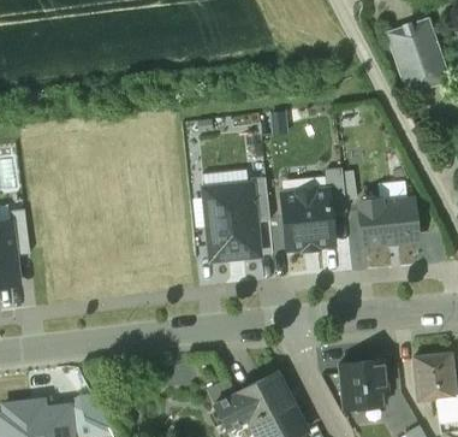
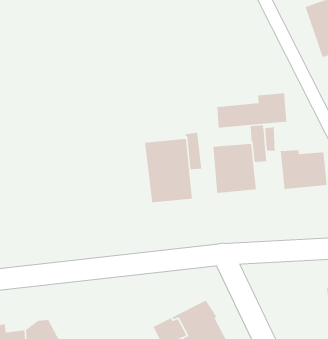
building: none -> [217,92,287,128]
building: [338,360,386,408] -> none

